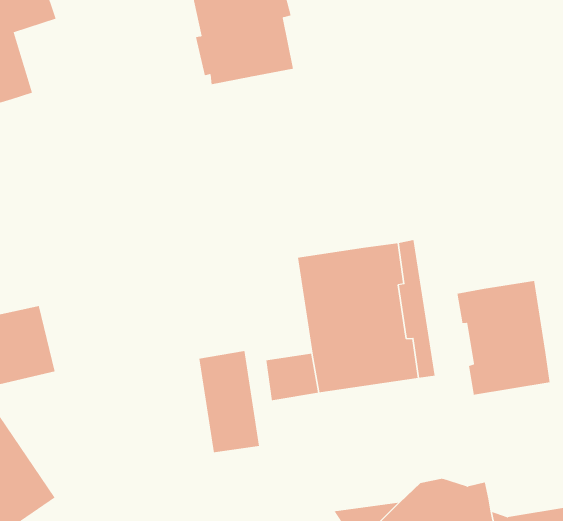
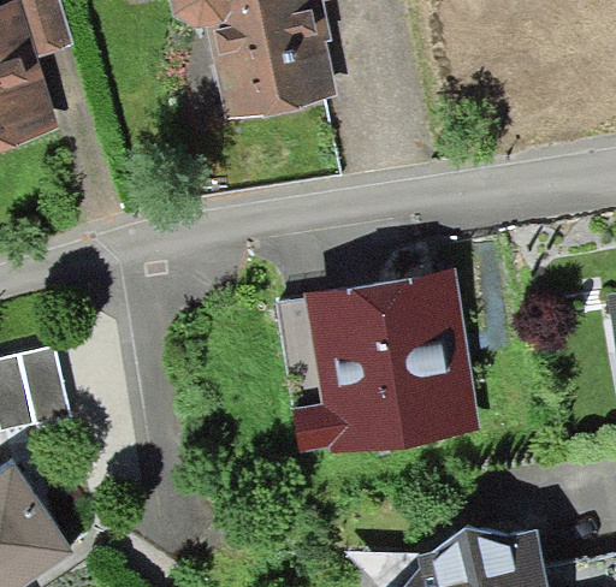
building: [457,280,550,396] -> none
building: [198,351,260,453] -> [279,297,344,405]

